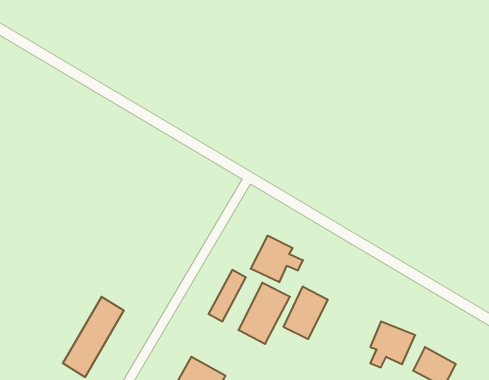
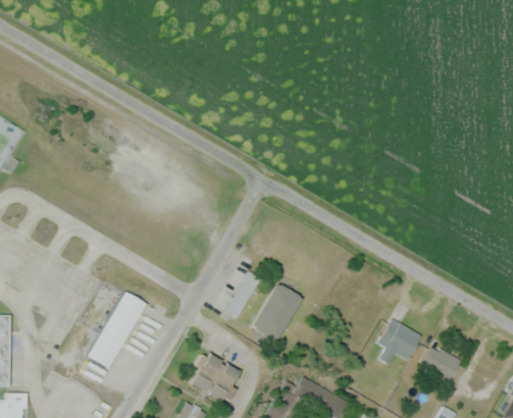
building: [251,236,303,282] -> none
building: [284,286,328,339] -> none

